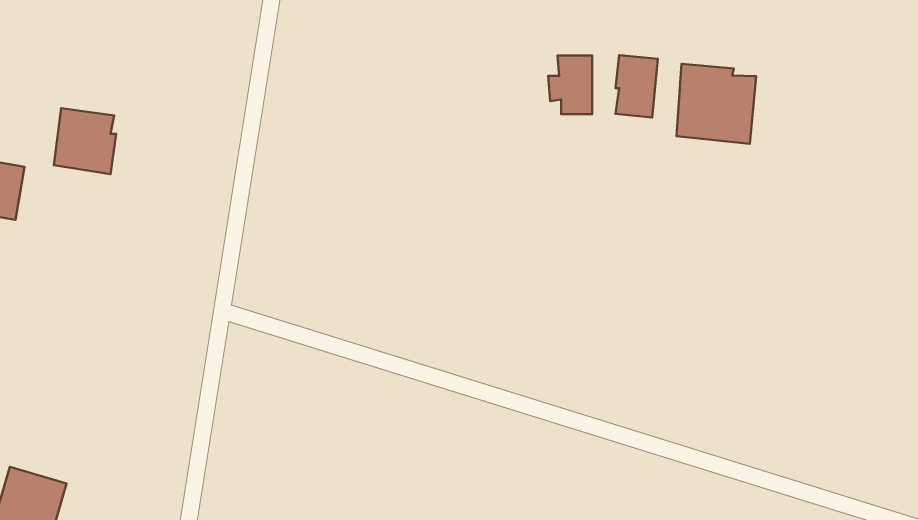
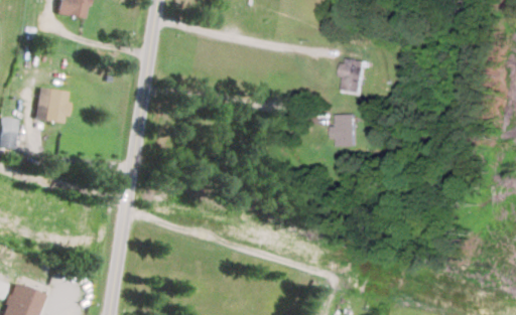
building: [548,56,592,114] -> [335,115,359,147]
building: [677,64,756,144] -> none

